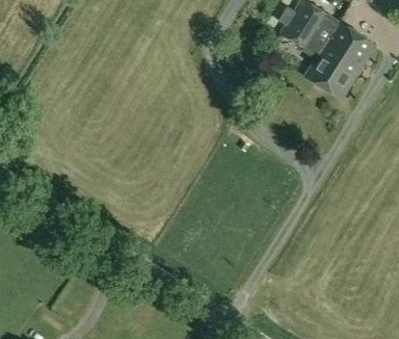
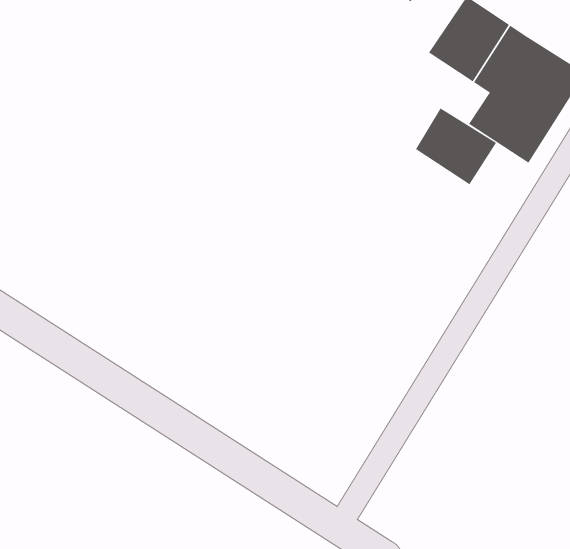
building: none -> [415,107,497,185]

